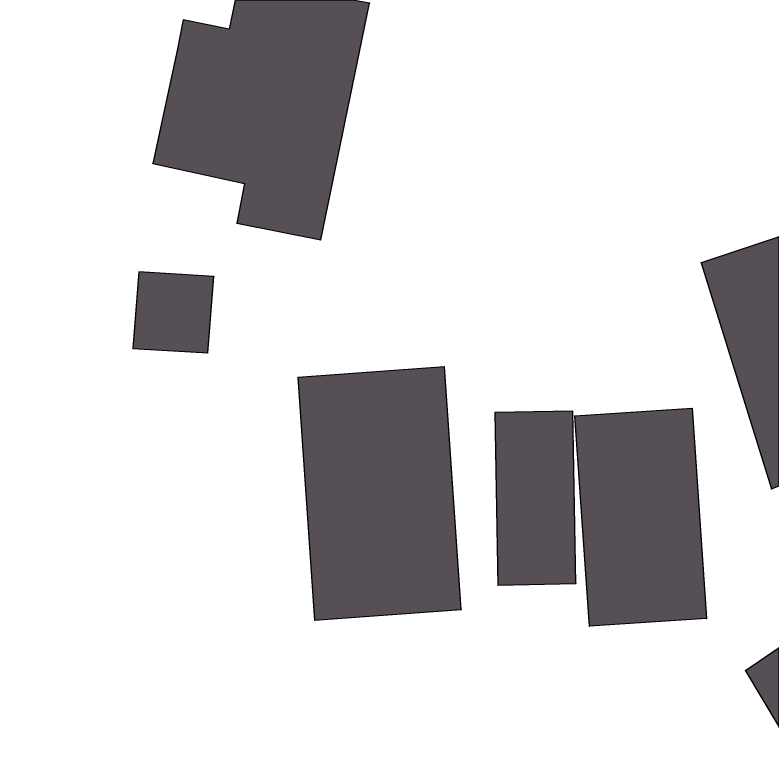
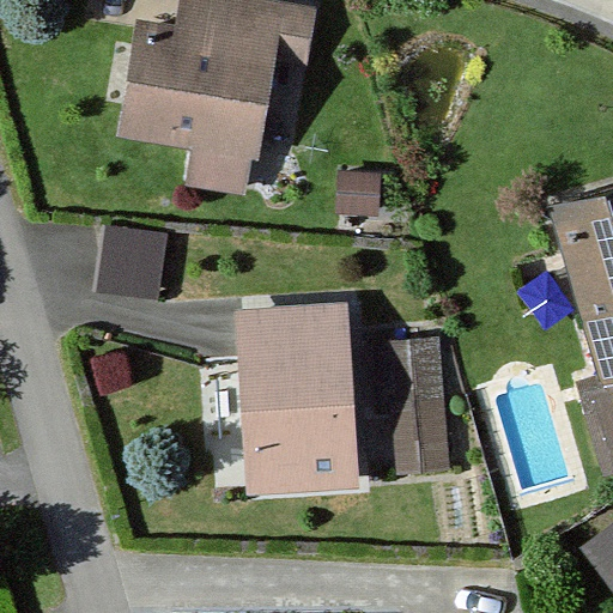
building: [575,408,707,626] -> none

